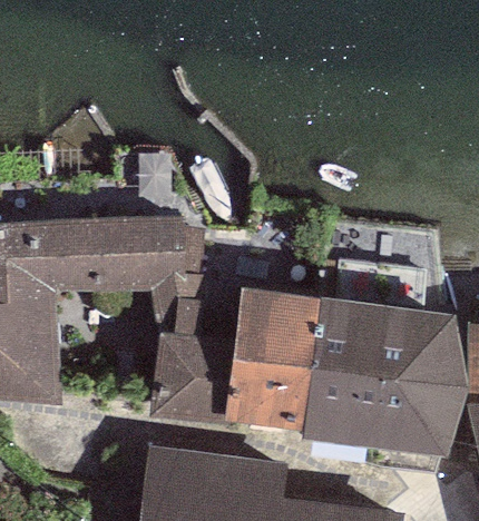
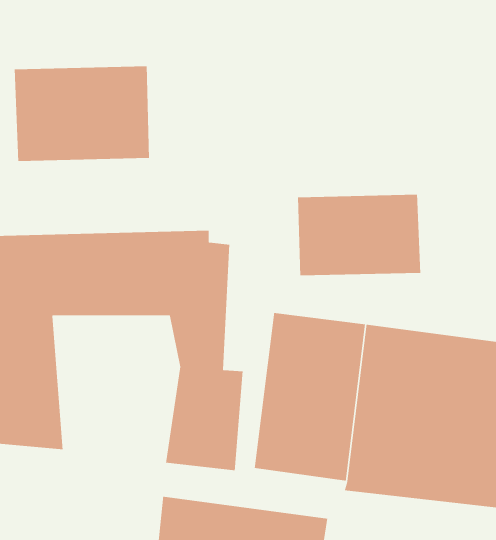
building: none -> [14,66,150,162]
building: none -> [297,194,421,276]

